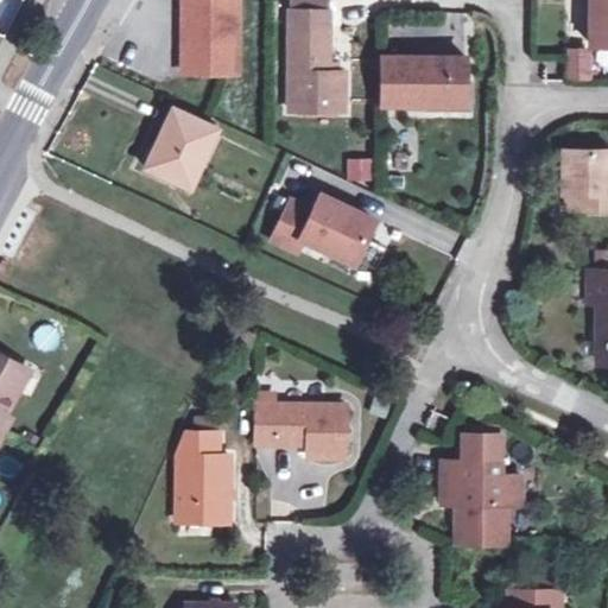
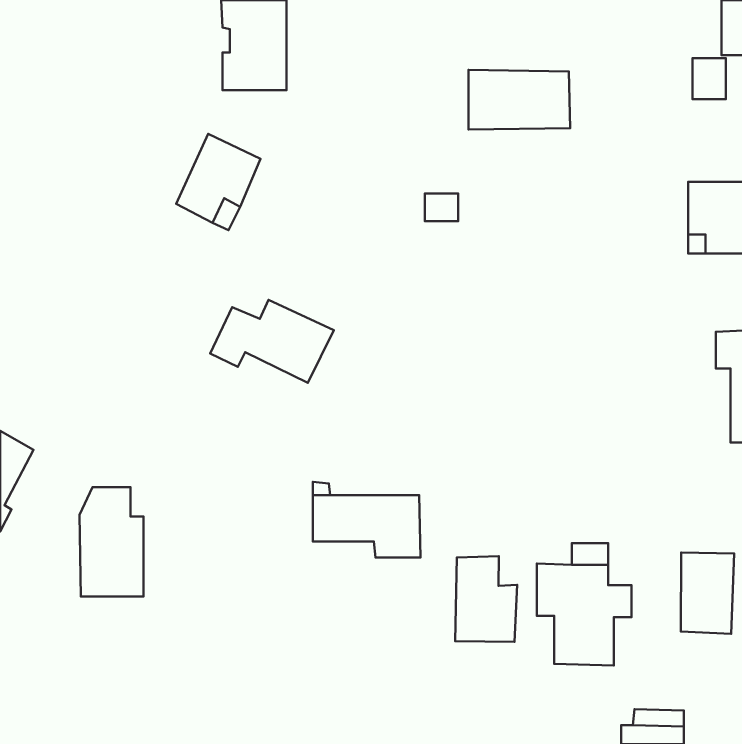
building: [289,13,344,109] -> none
building: [272,194,373,261] -> [210,300,334,383]
building: [175,433,227,522] -> [80,487,144,596]
building: none -> [681,552,734,634]
building: none -> [455,556,517,642]

